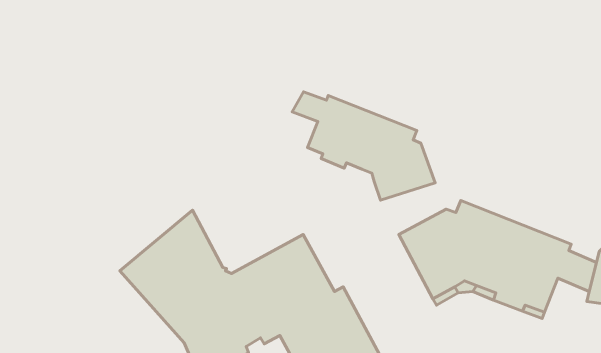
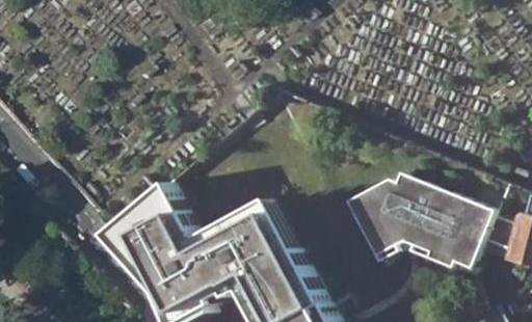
building: [292,92,435,200] -> none

